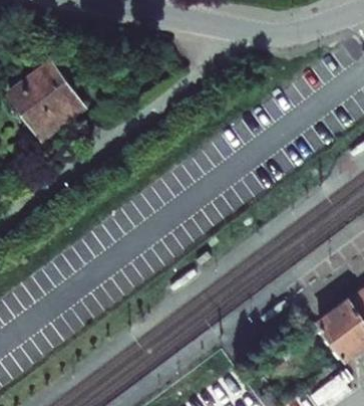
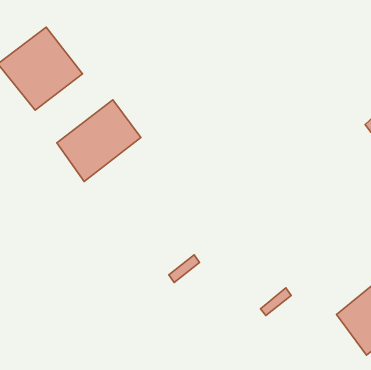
building: none -> [57,100,141,181]

